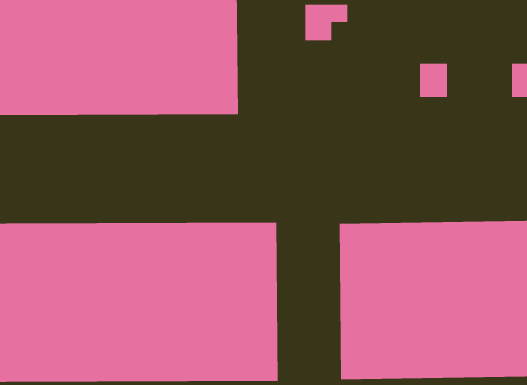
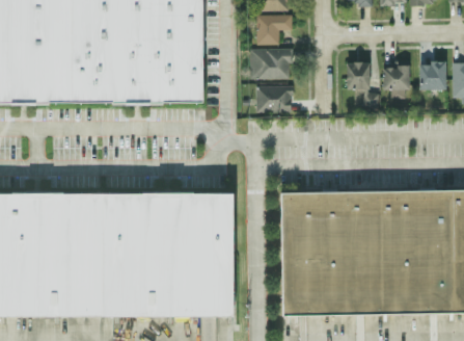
building: none -> [249,50,290,81]
building: none -> [381,67,407,90]
building: none -> [254,87,291,113]

